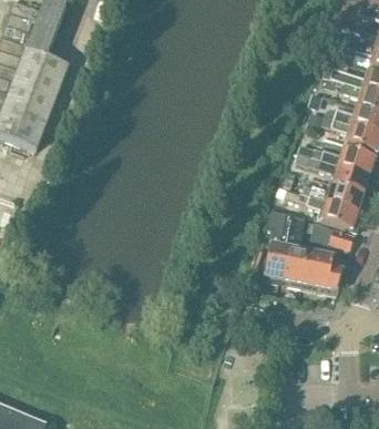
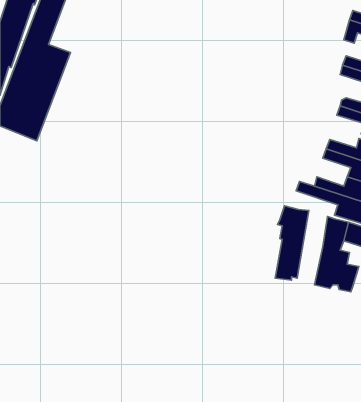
building: [284,215,308,286] -> none

